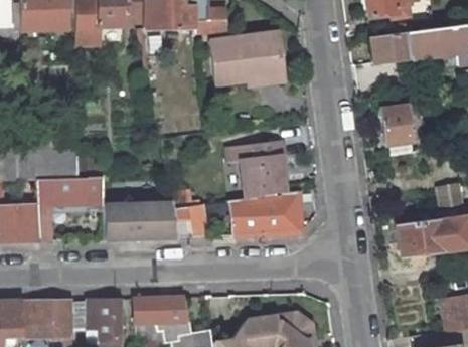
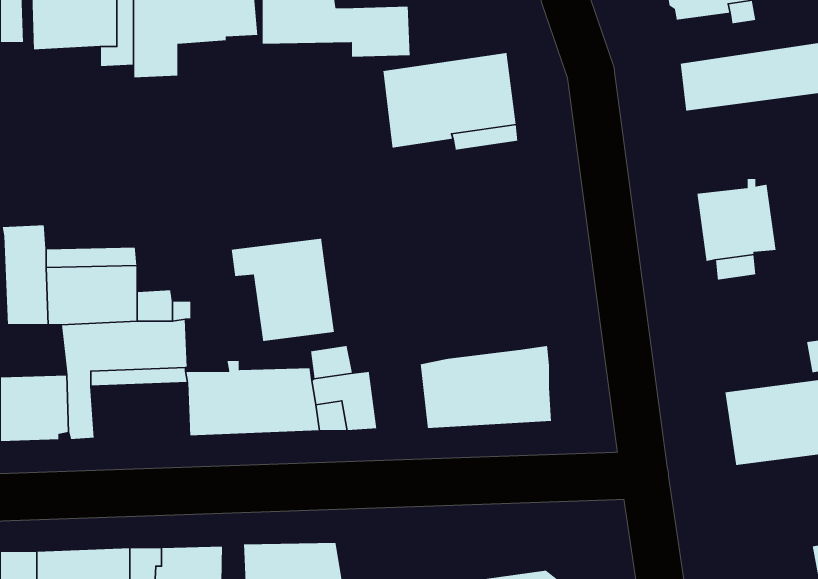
building: [228,142,285,198] -> [231,238,335,342]

